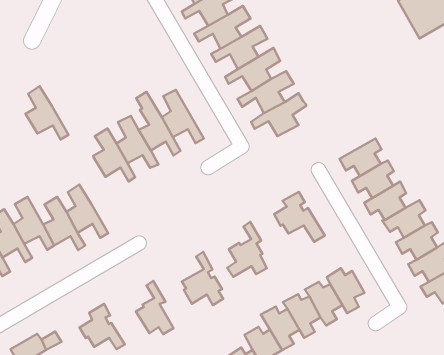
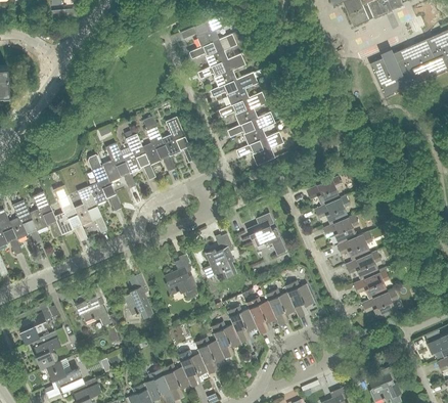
building: [25,86,69,139] -> [88,165,122,211]

